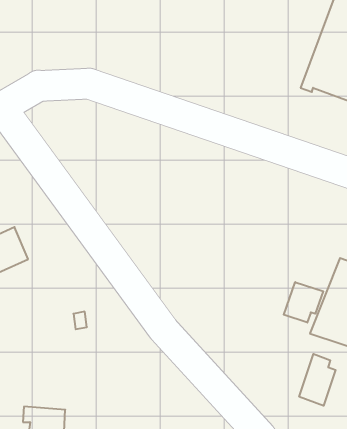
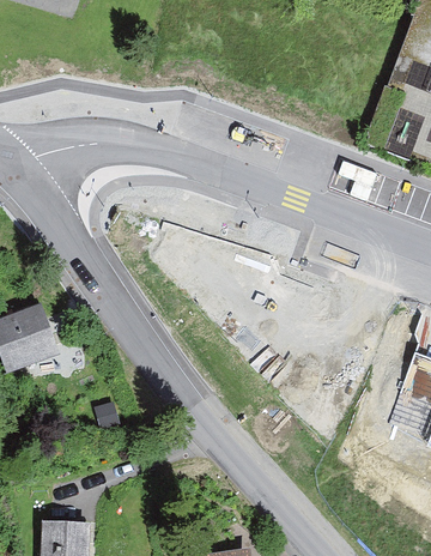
building: [284,282,323,323] -> none
building: [299,354,336,406] -> none

